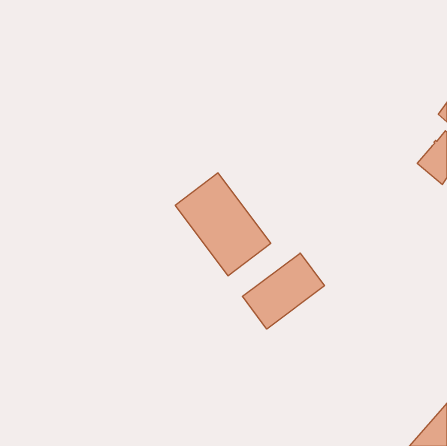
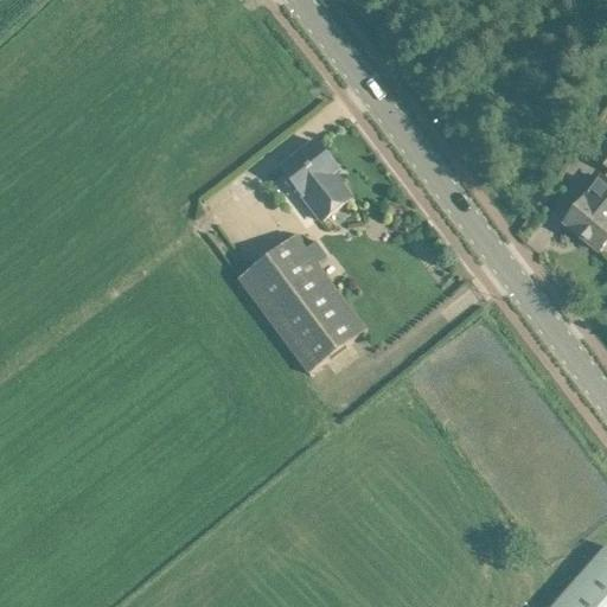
building: none -> [280,140,351,221]
building: [242,253,324,329] -> none

